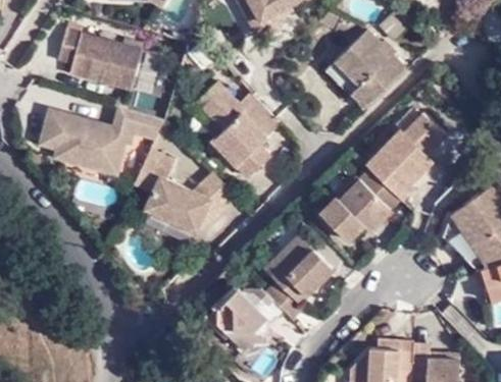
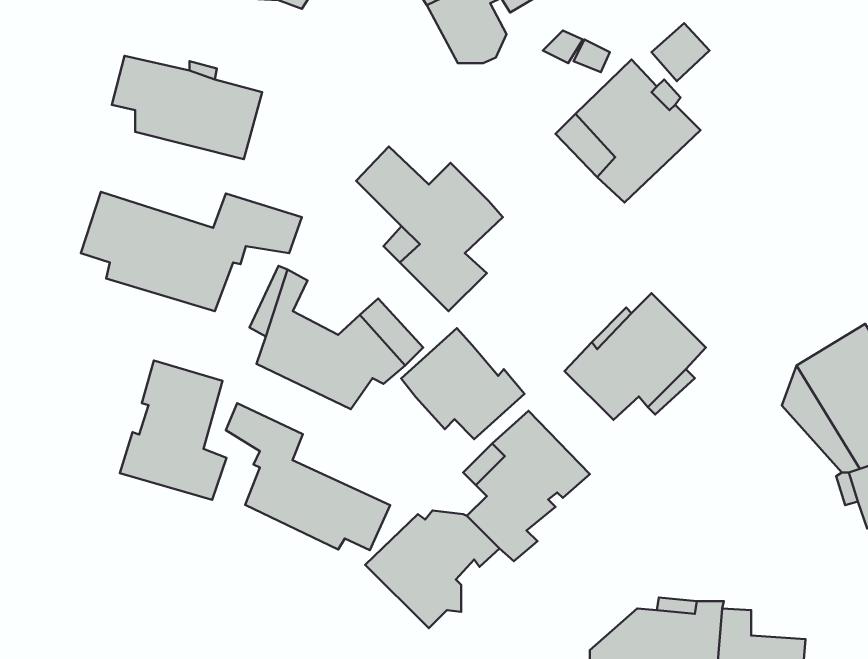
building: [363,115,441,199] -> none
building: none -> [401,328,524,439]
building: none -> [120,360,227,500]
building: none -> [226,403,390,550]

